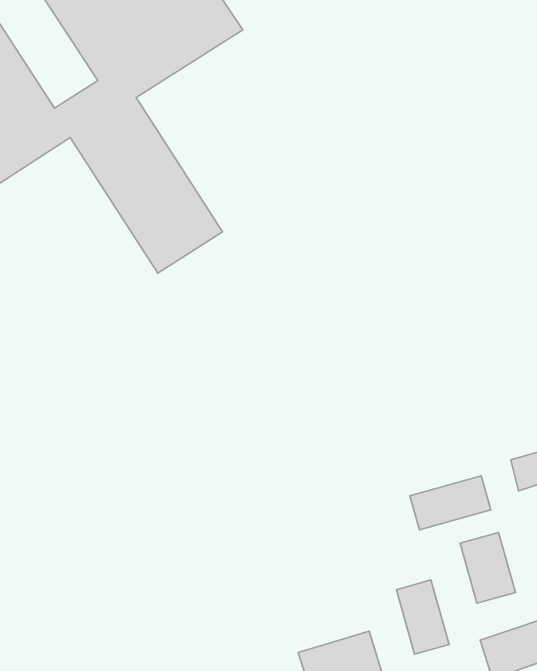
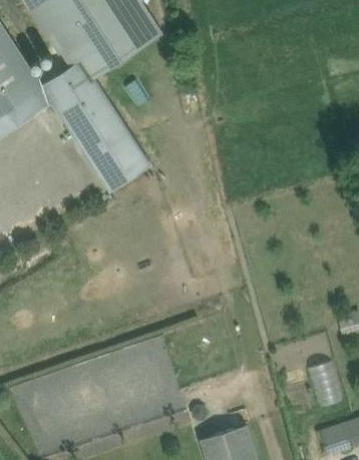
building: [410,476,491,530] -> none
building: [396,580,449,654] -> none

